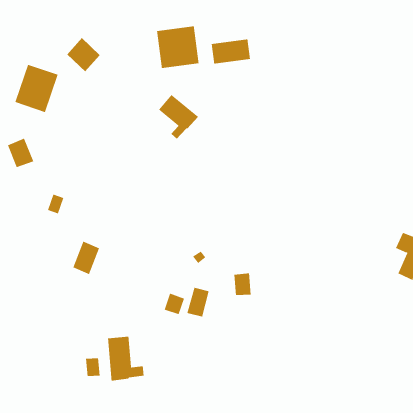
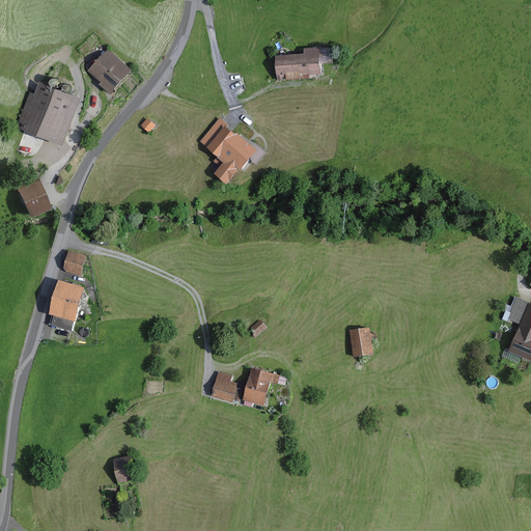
building: [157,25,199,69] -> none
building: [72,241,100,275] -> [48,278,83,322]
building: [234,273,251,296] -> [348,327,371,356]
building: [108,336,144,382] -> none

